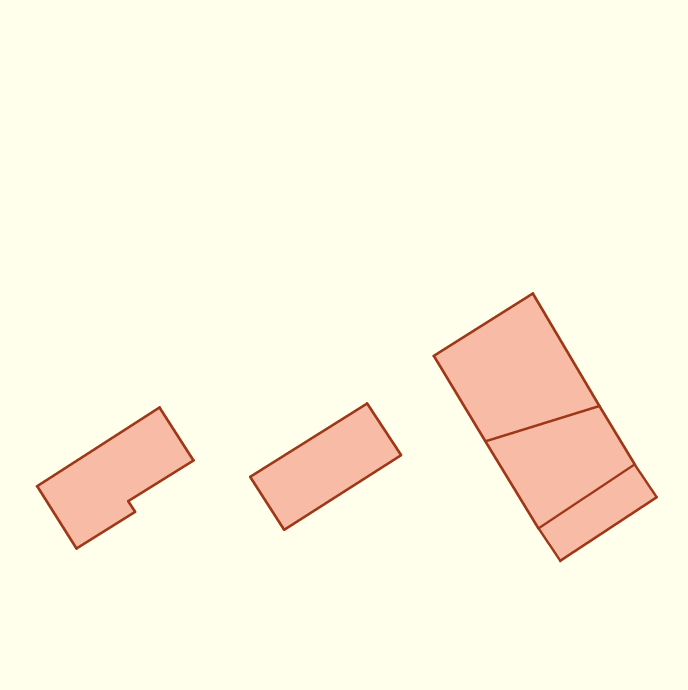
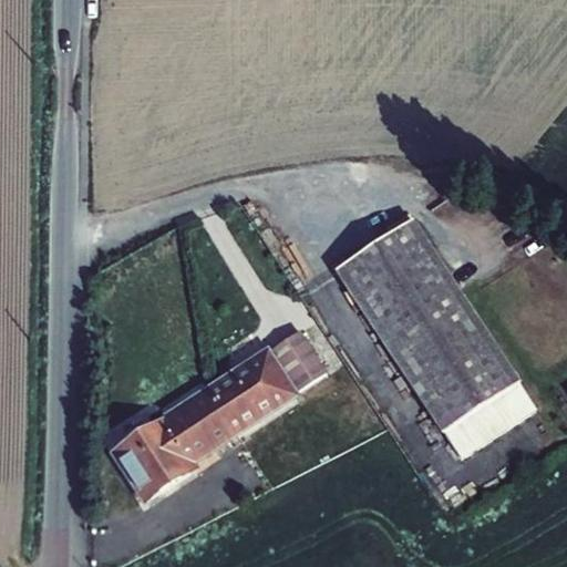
building: none -> [339,217,434,290]
building: [37,407,194,549] -> [104,389,231,504]

